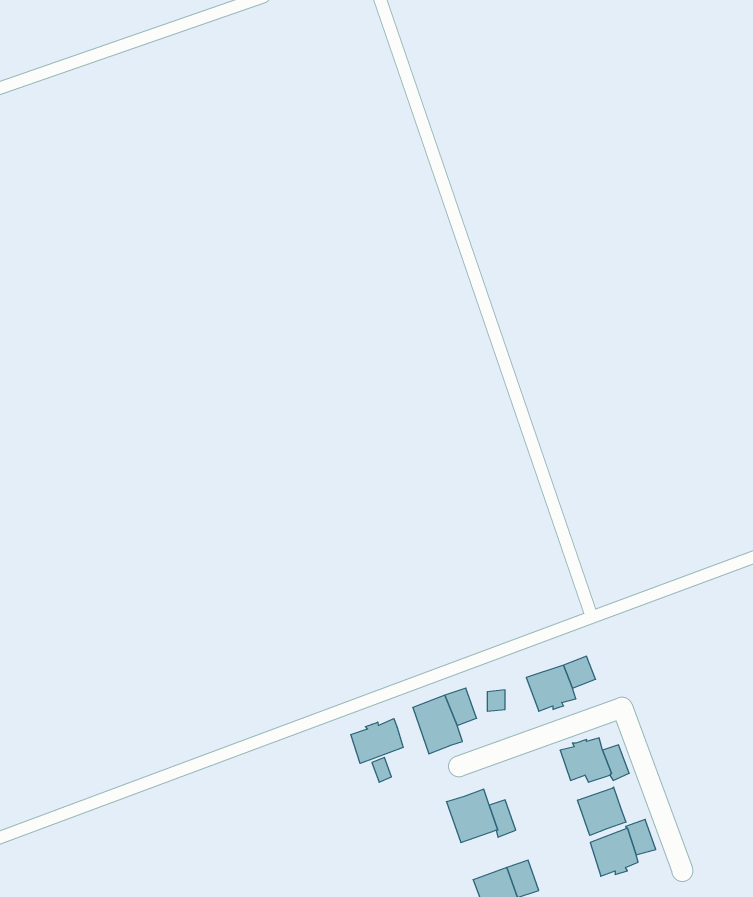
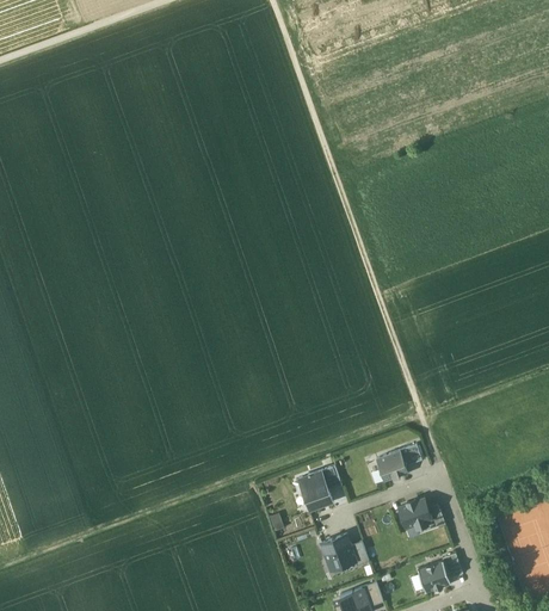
building: [351,719,403,763] -> none
building: [578,787,626,835] -> none

